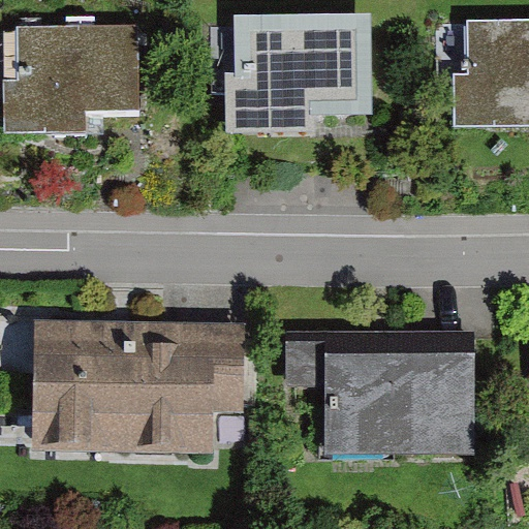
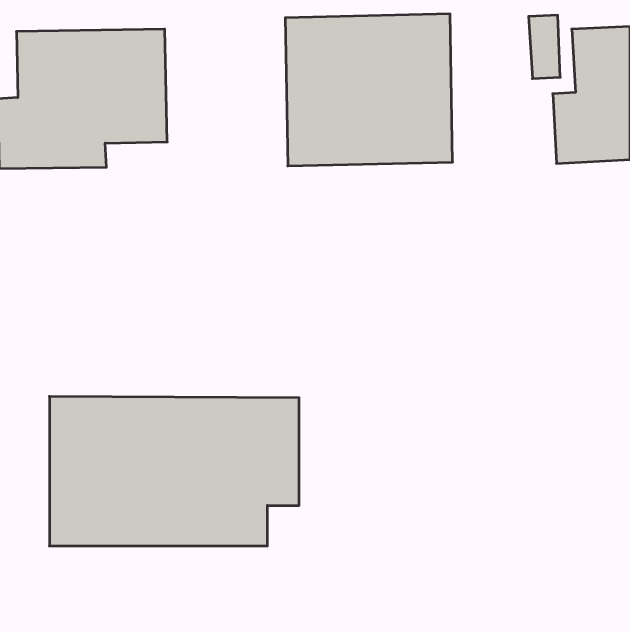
building: [289,328,468,448] -> none

